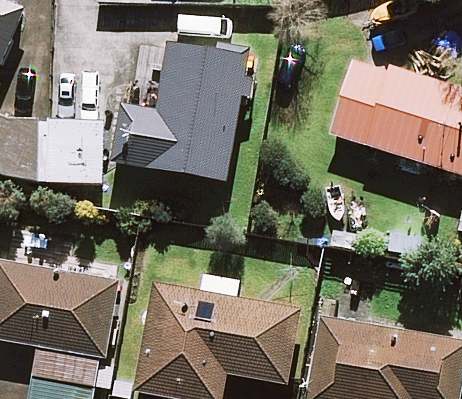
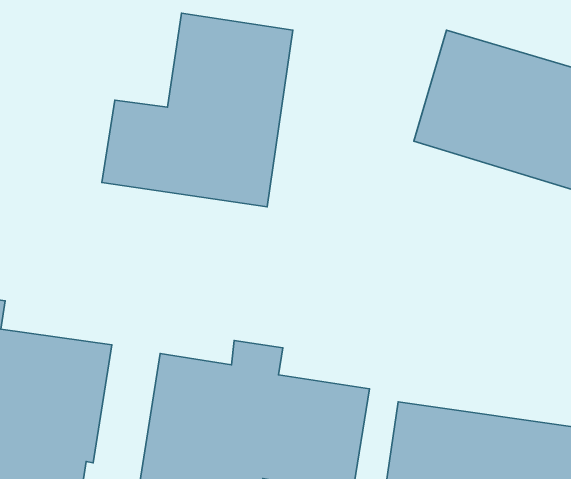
building: [48,121,103,183] -> none

